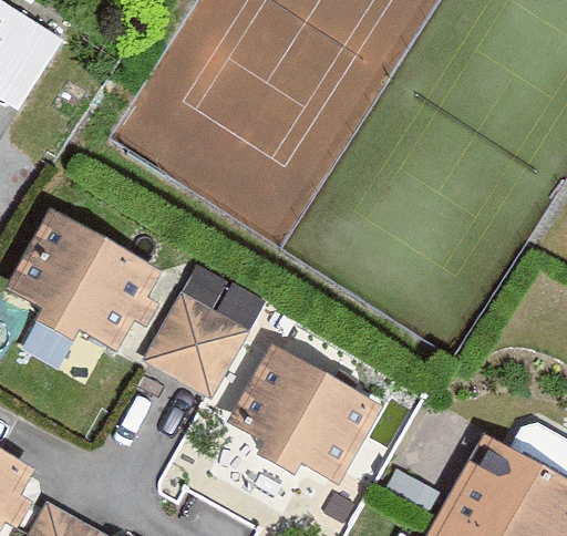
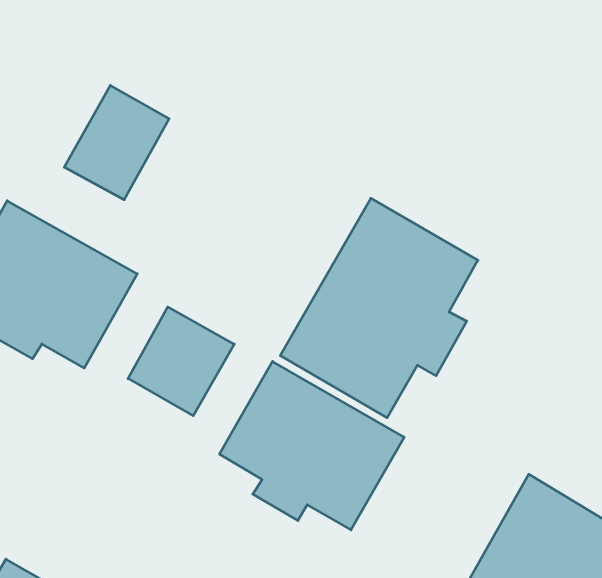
building: none -> [64,85,169,200]
building: none -> [280,198,478,418]

